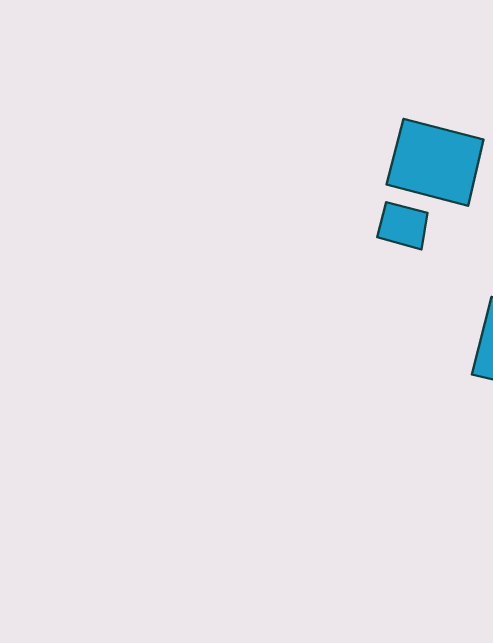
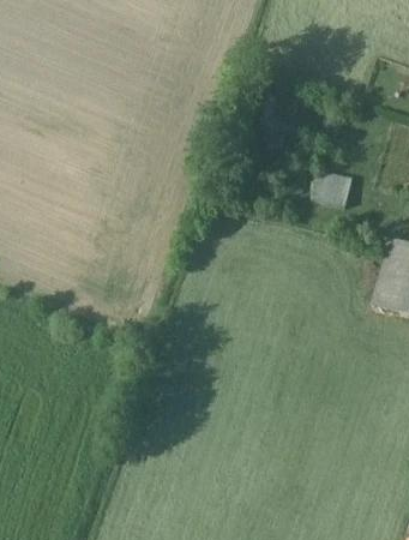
building: [387,119,483,206] -> none

